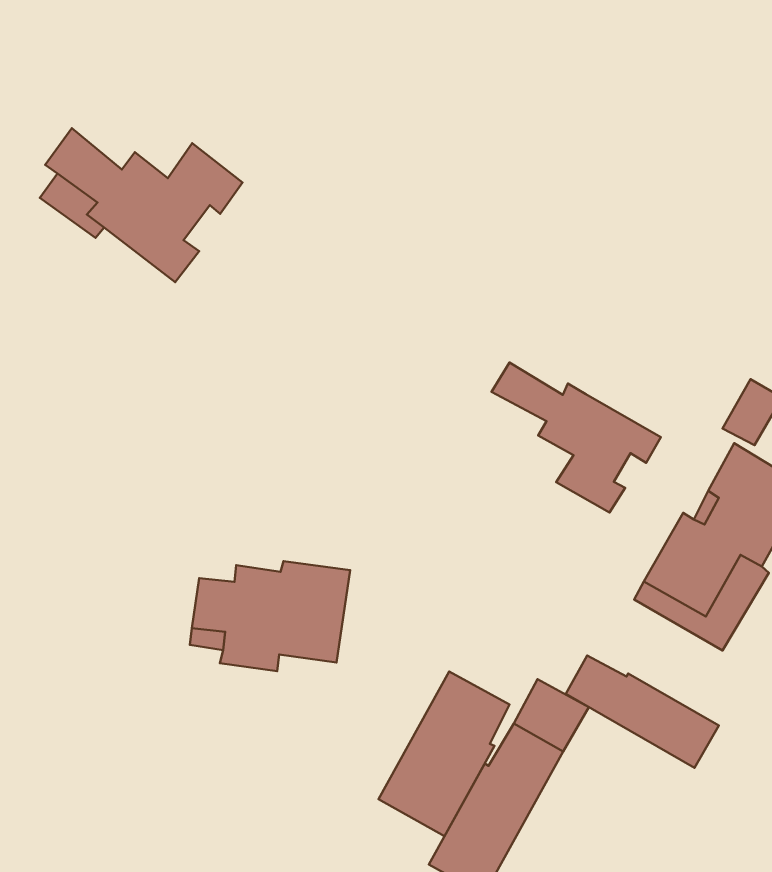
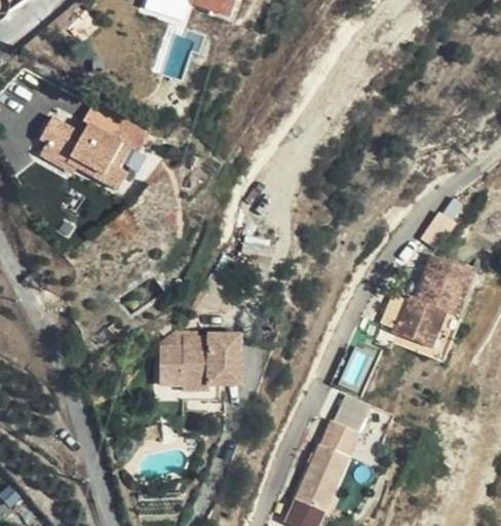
building: [492,363,661,512] -> none
building: [566,655,719,768] -> none
building: [378,671,509,836] -> none

